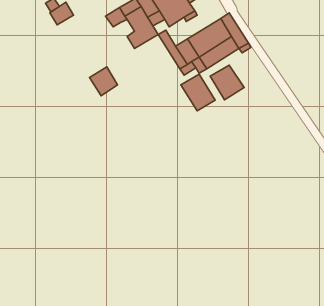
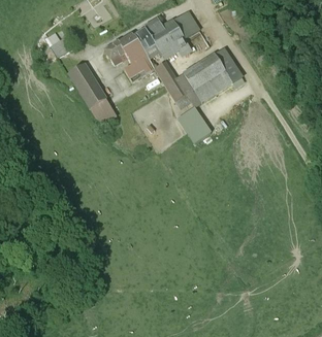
building: none -> [67,64,105,109]
building: [210,65,244,100] -> none

